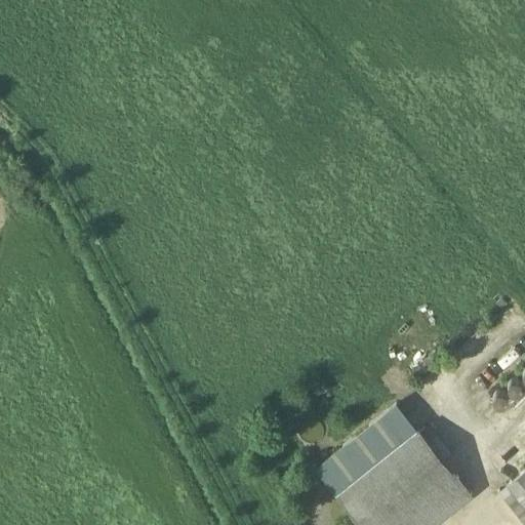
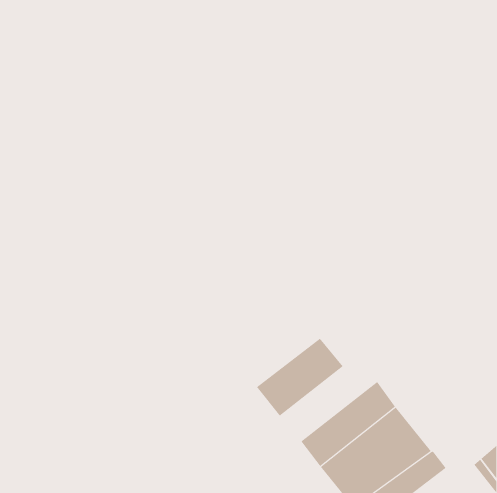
building: none -> [256,338,343,416]

